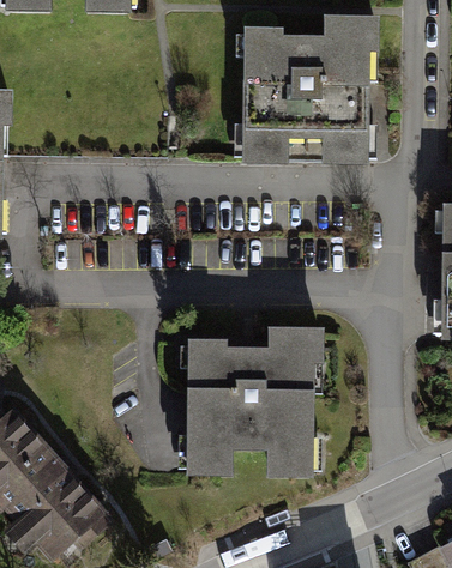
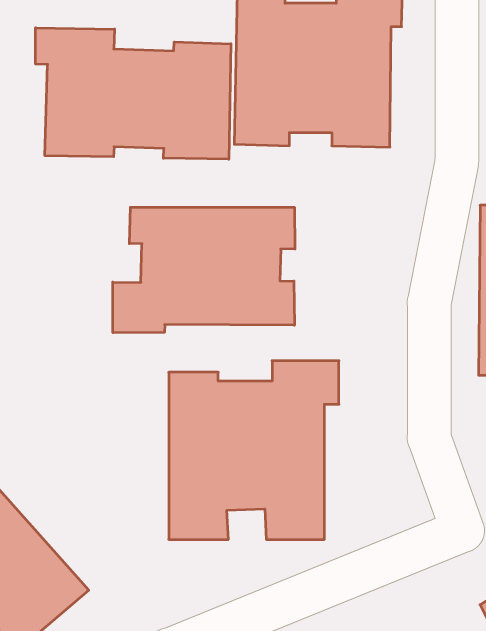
building: none -> [36,28,231,159]
building: none -> [113,207,295,333]

